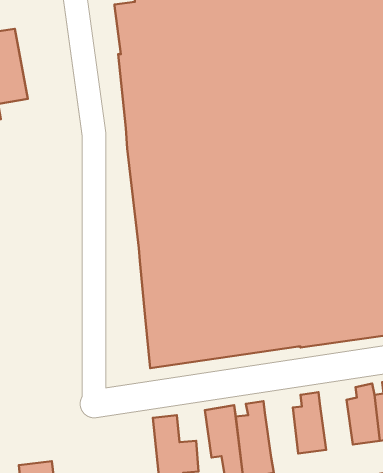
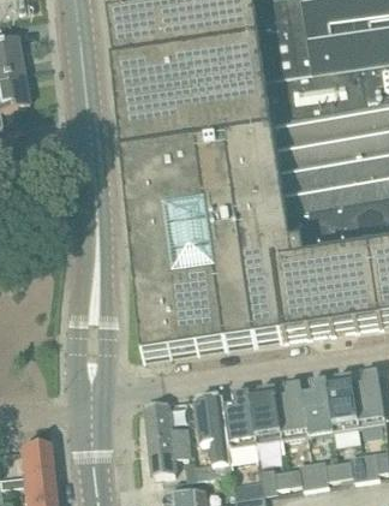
building: none -> [303,379,334,436]
building: none -> [251,387,282,444]

